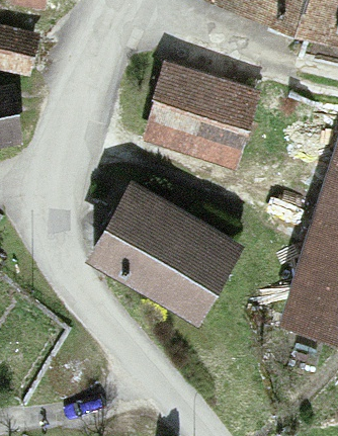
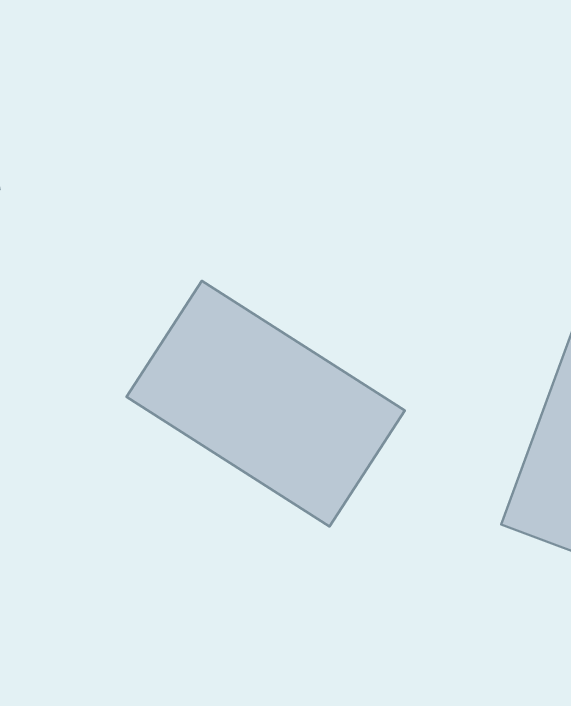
building: [148,70,262,162] -> none

